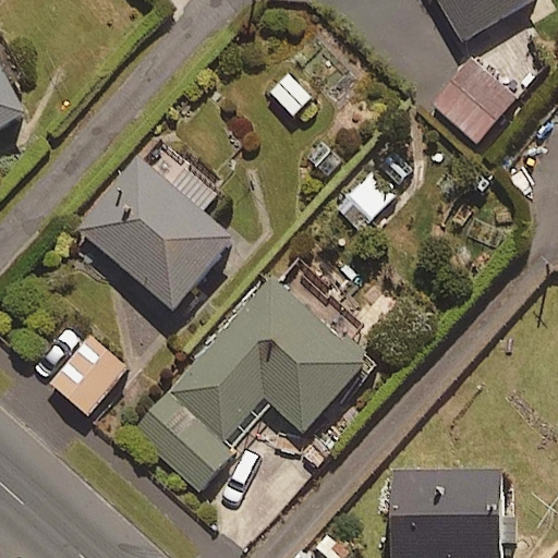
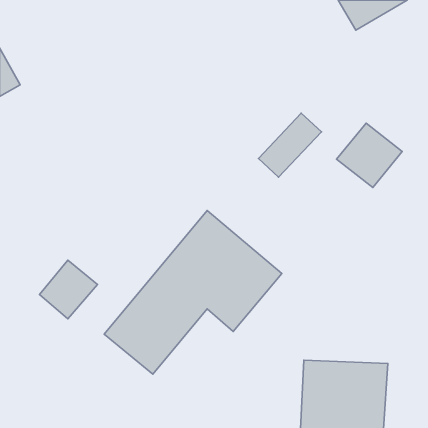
building: [429,60,514,144] -> [337,123,402,188]
building: [77,155,234,310] -> none

